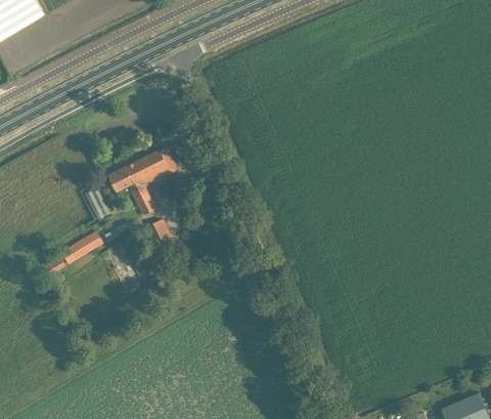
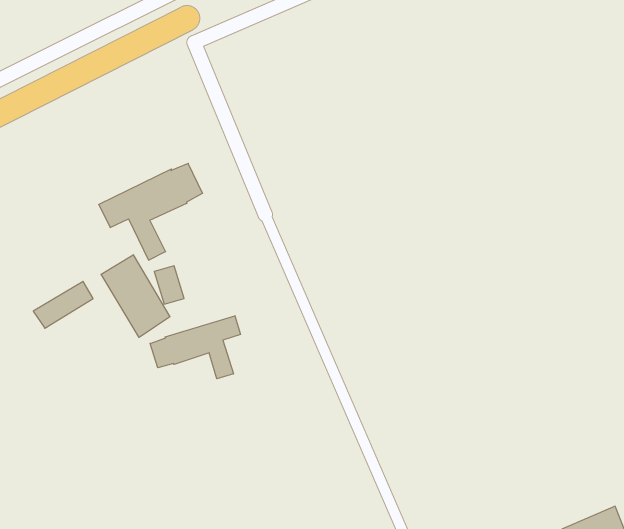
building: none -> [101,255,170,337]
building: none -> [150,316,240,379]

